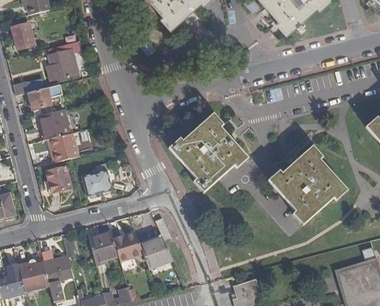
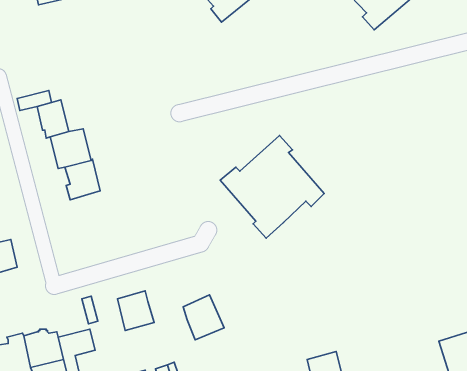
building: [12,22,35,48] -> none
building: [47,41,78,80] -> none
building: [268,145,348,224] -> none
building: [47,165,71,191] -> none
building: [82,167,113,194] -> none
building: [113,232,143,268] -> none

